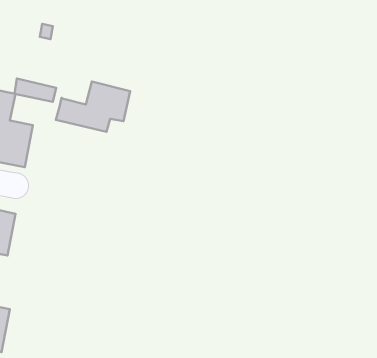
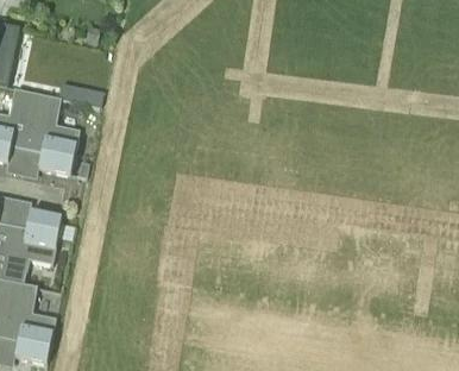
building: [56,81,130,132] -> none

